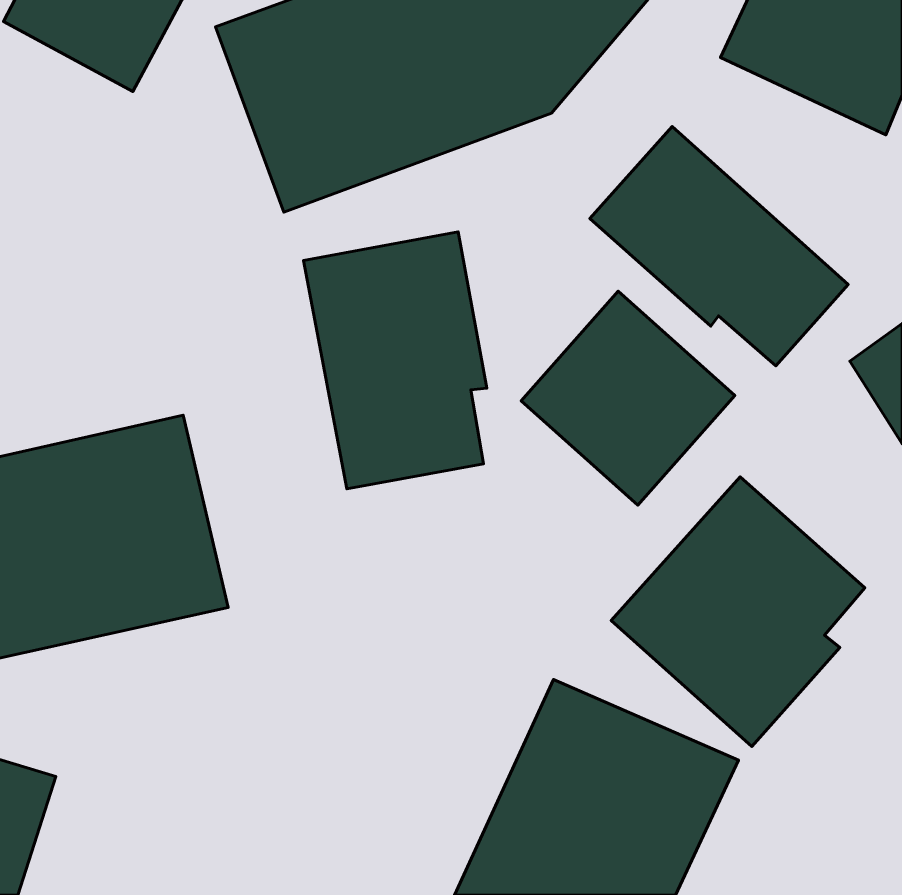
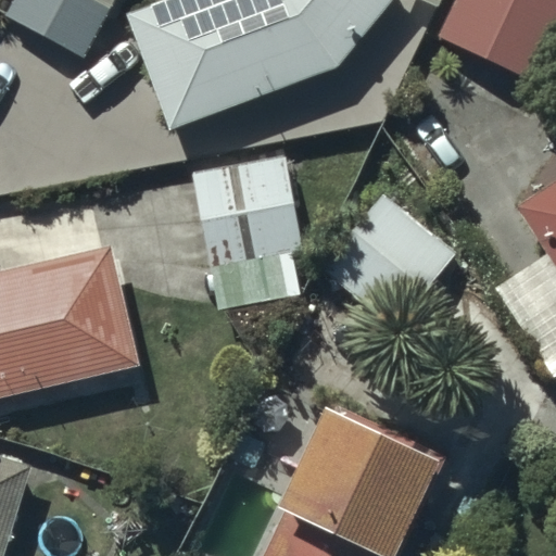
building: [590,126,848,366] -> none
building: [611,477,865,746] -> none

